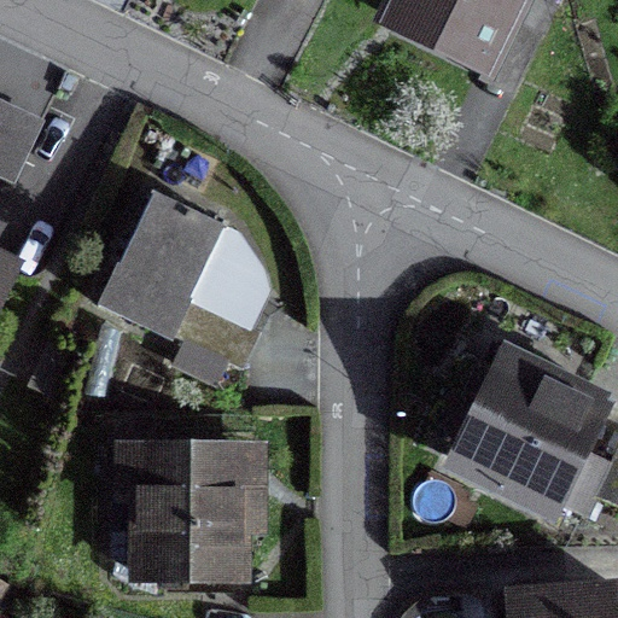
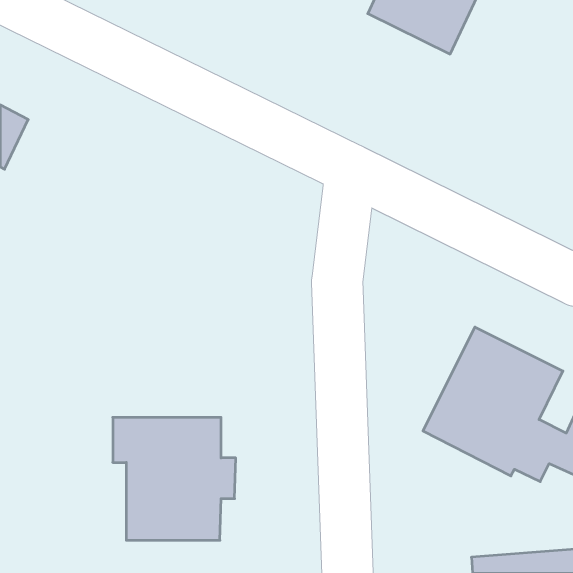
building: [98,192,261,371] -> none

